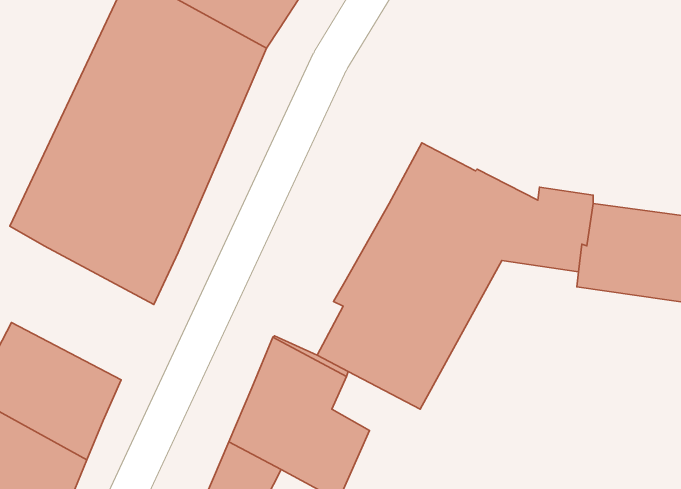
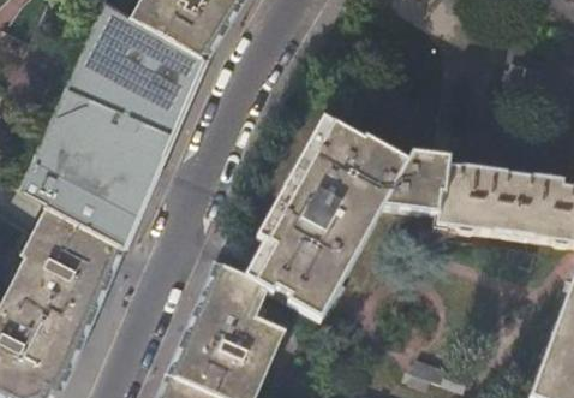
building: none -> [22,179,128,292]

